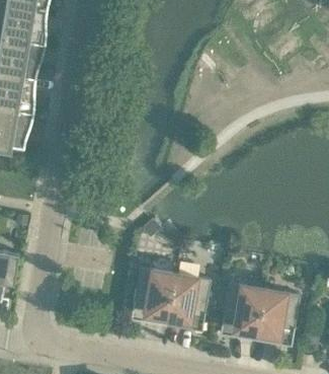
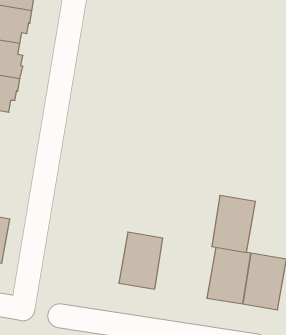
building: [167,274,212,331] -> [212,195,256,252]

